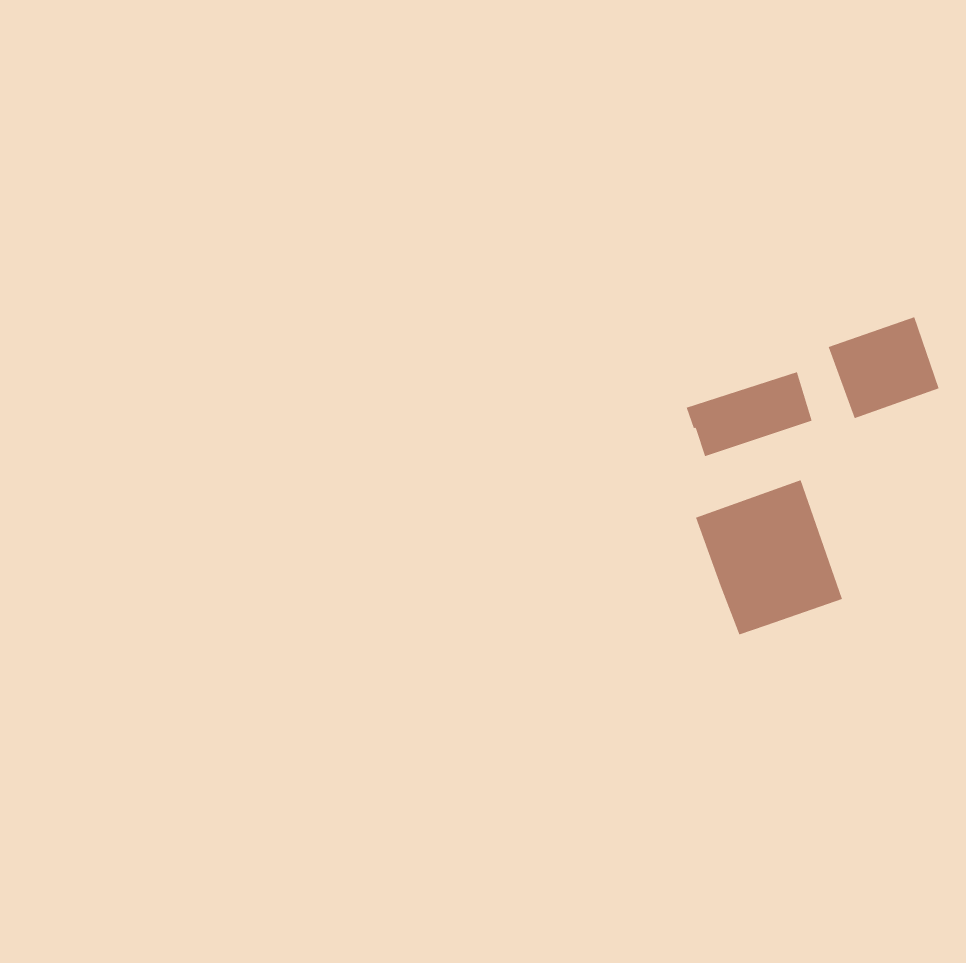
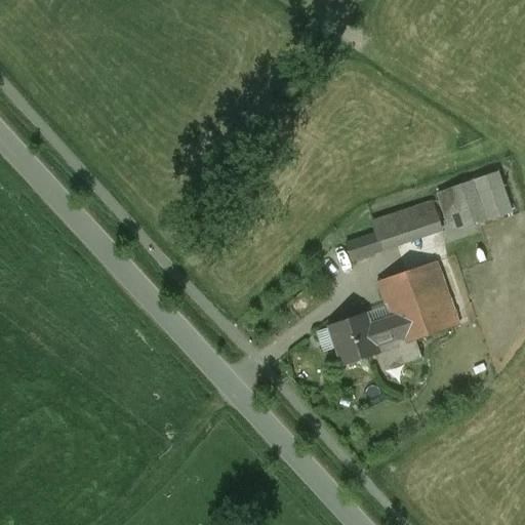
building: none -> [346,232,382,258]
building: none -> [330,311,422,370]

